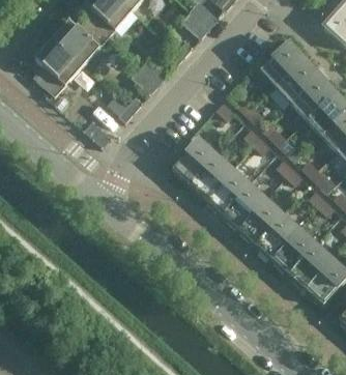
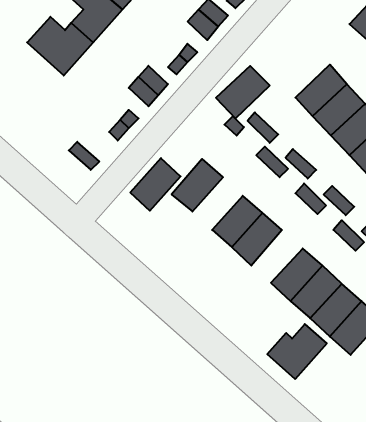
building: [35,39,81,95] -> none
building: [260,41,306,86] -> [216,66,270,119]
building: [190,153,232,198] -> [130,158,181,211]
building: [239,198,283,242] -> none
building: none -> [267,324,327,379]

